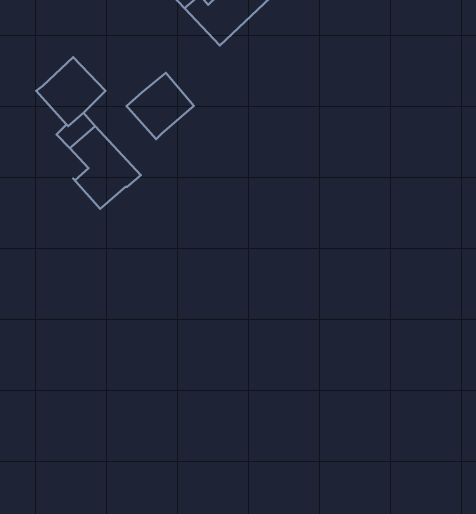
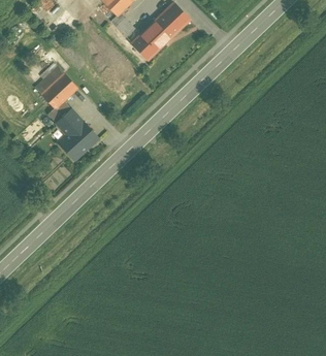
building: [127,73,194,139] -> none

